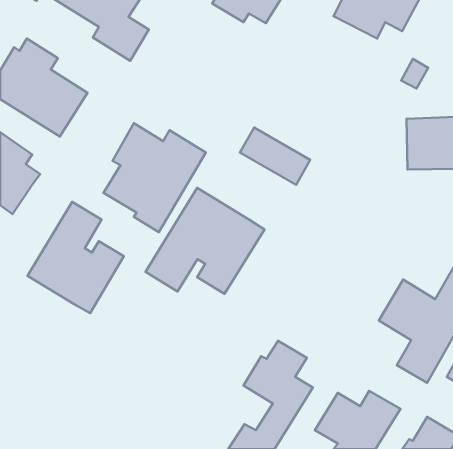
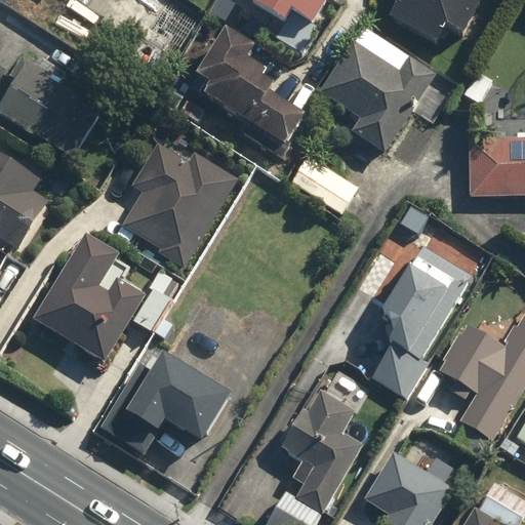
building: none -> [192,24,302,148]
building: none -> [320,28,437,154]
building: [146,188,264,294] -> none
building: none -> [372,245,474,396]
building: none -> [100,346,219,445]

